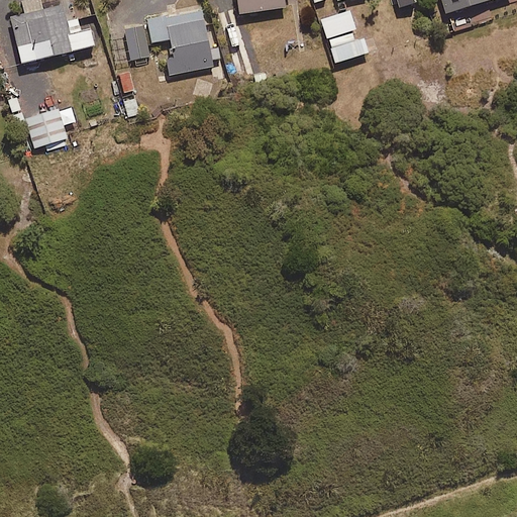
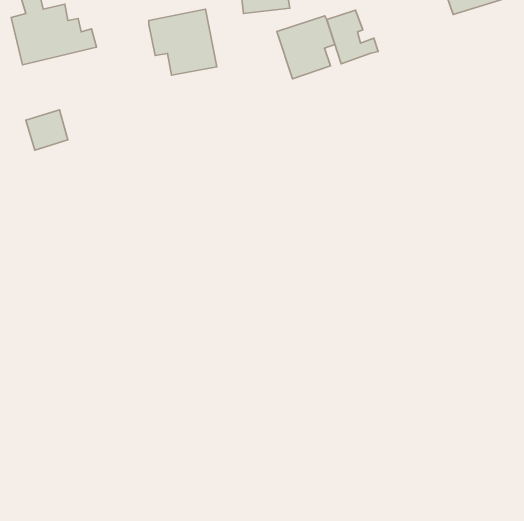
building: none -> [277,16,335,79]
building: [121,24,152,60] -> none

